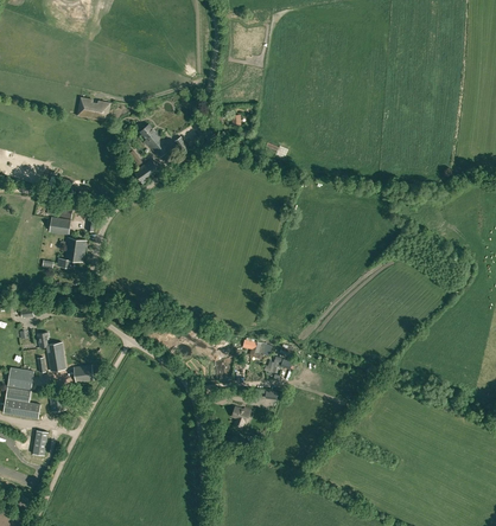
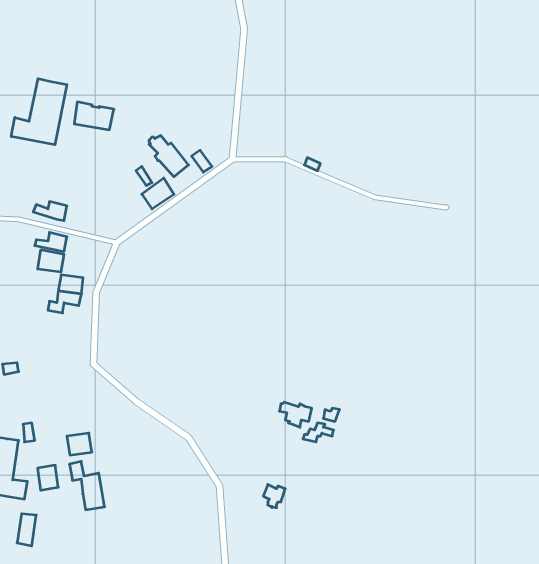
building: none -> [11,79,67,145]
building: [38,332,66,371] -> [69,461,105,510]

